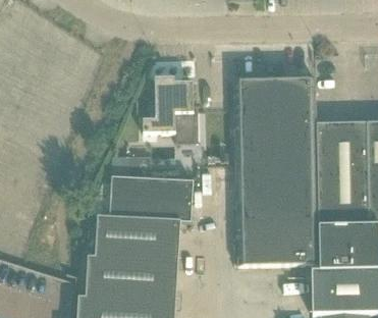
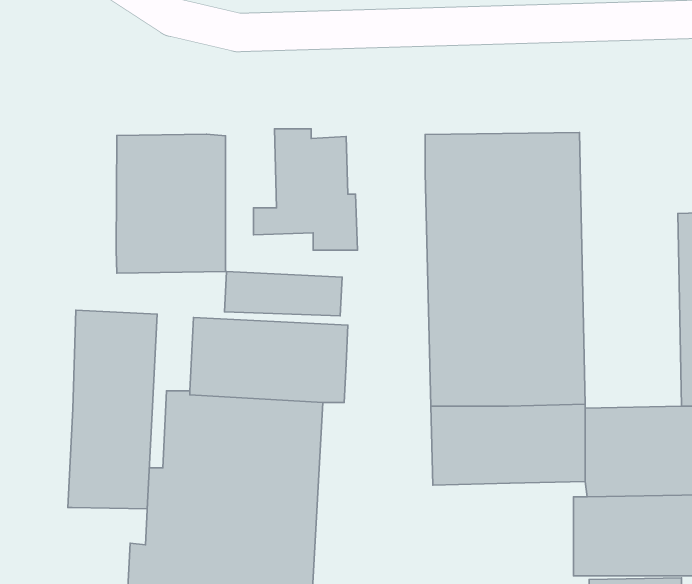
building: none -> [116,134,226,273]
building: [316,120,369,223] -> none
building: none -> [68,310,157,509]

